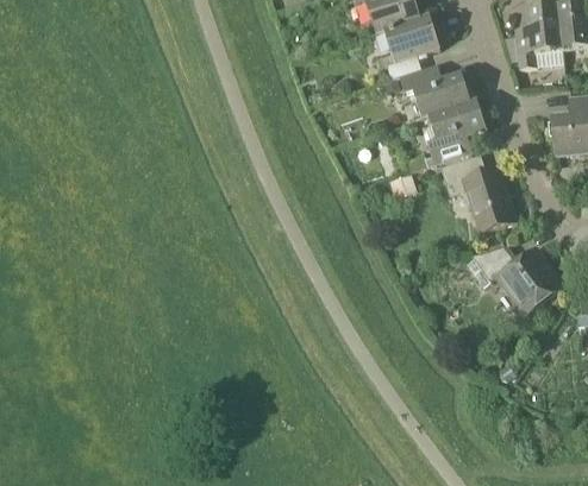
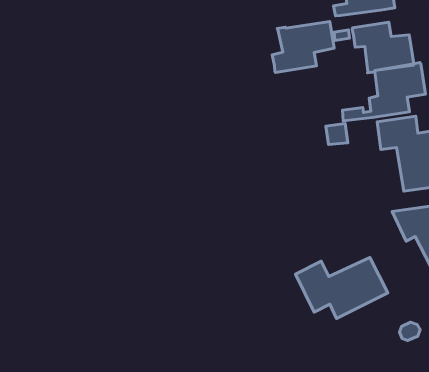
building: none -> [272,21,334,72]
building: none -> [295,257,388,319]

